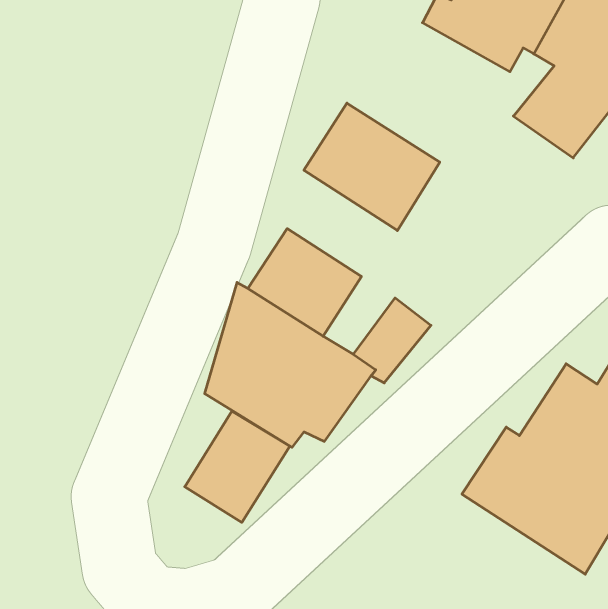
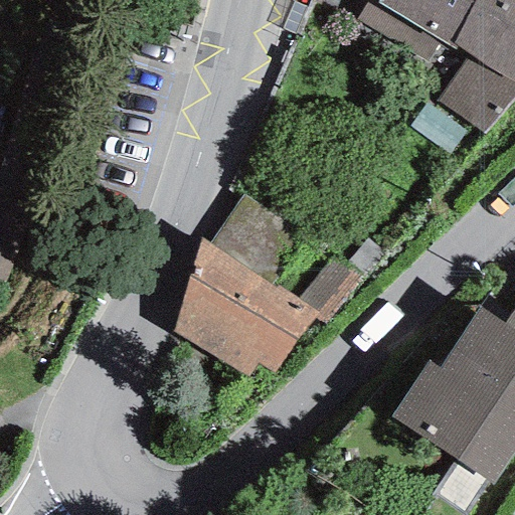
building: [304,103,440,231] -> none
building: [185,411,290,522] -> none

